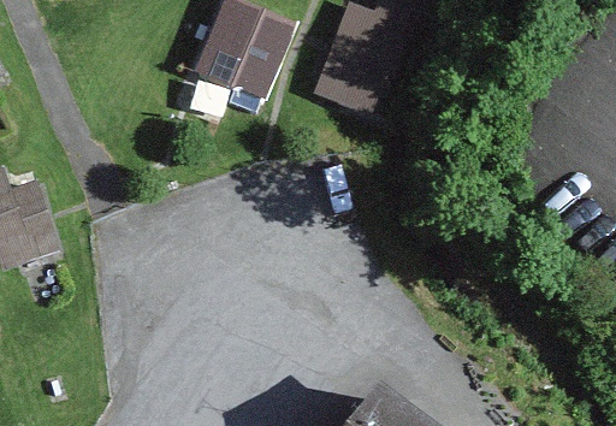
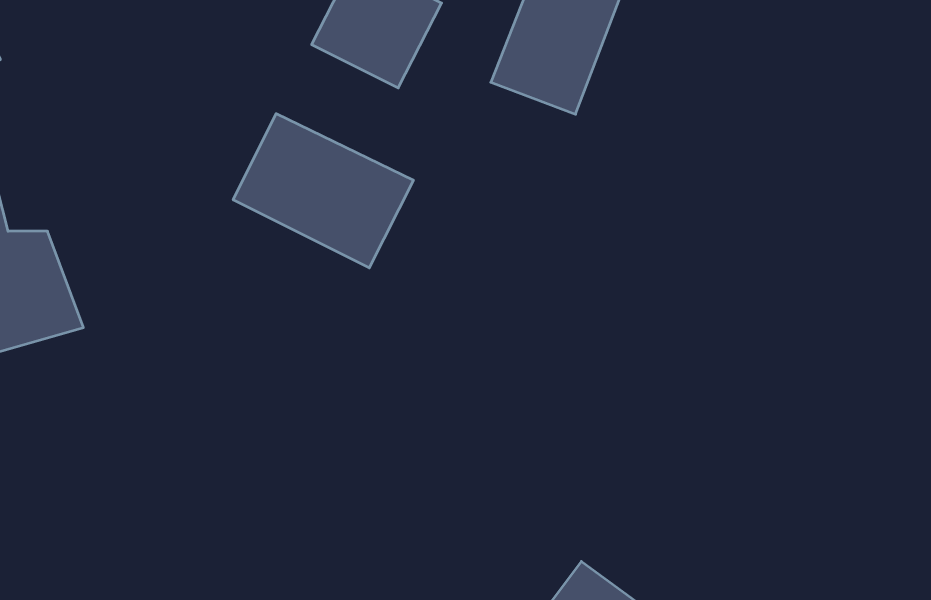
building: none -> [233,114,413,268]

